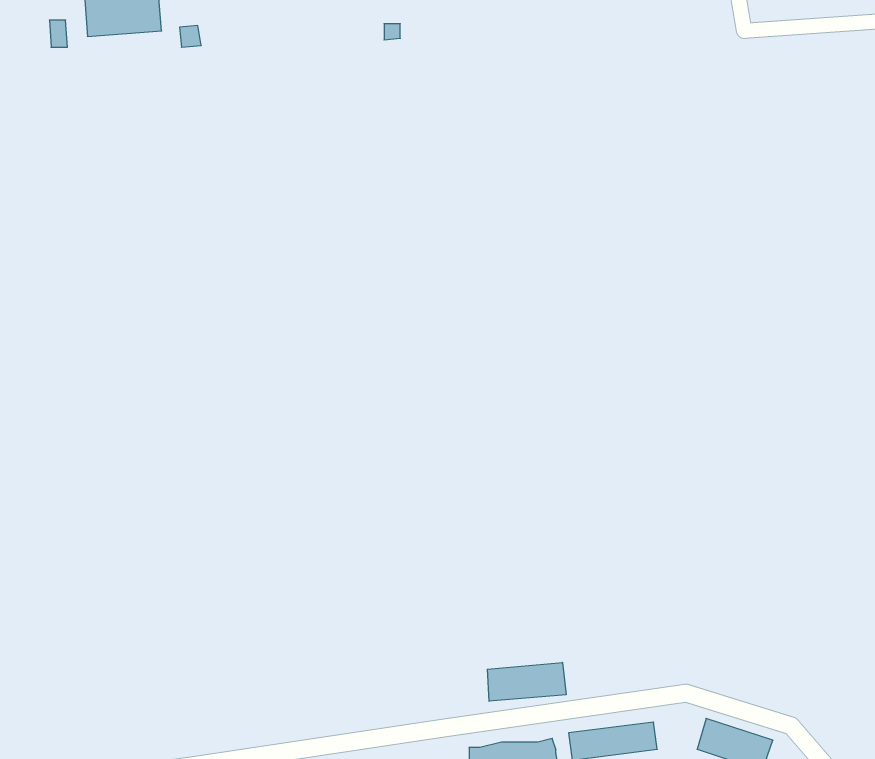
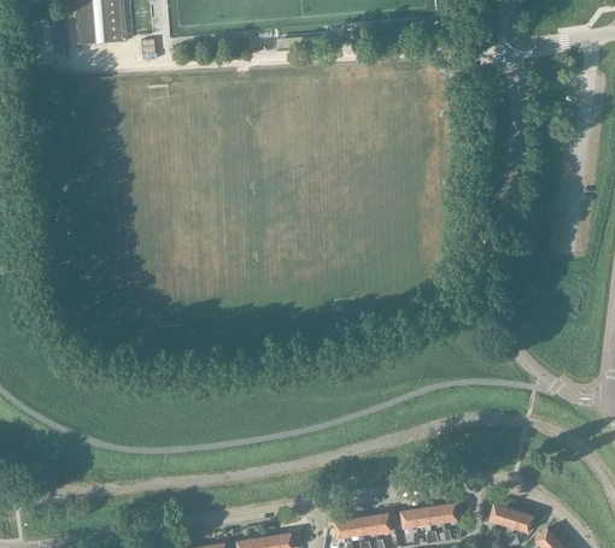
building: [487,662,566,701] -> none

